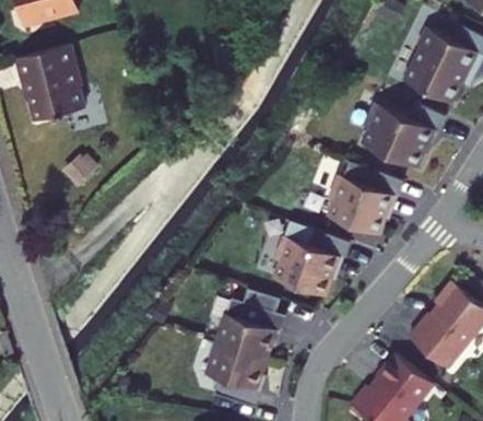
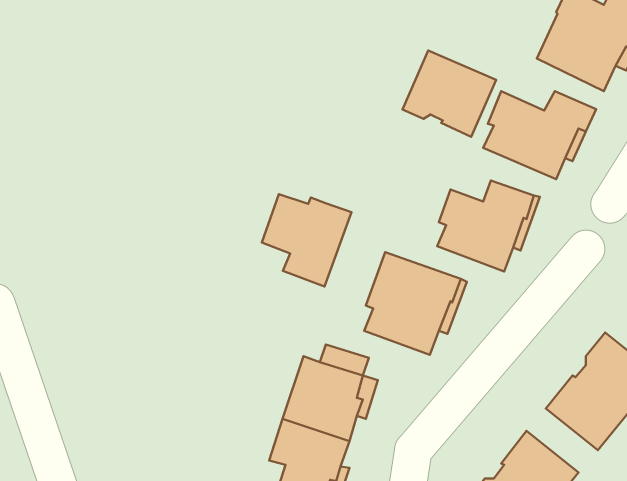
building: [11,42,81,119] -> none
building: none -> [403,50,496,137]
building: none -> [262,194,351,287]

